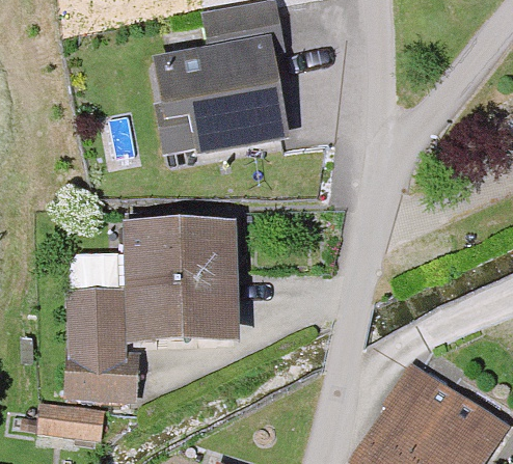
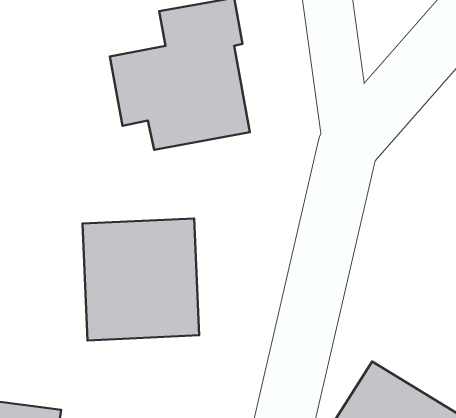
building: [63,294,138,393] -> none

